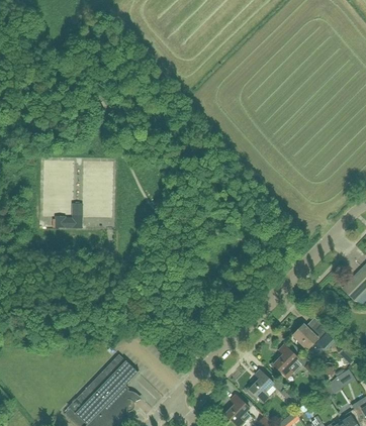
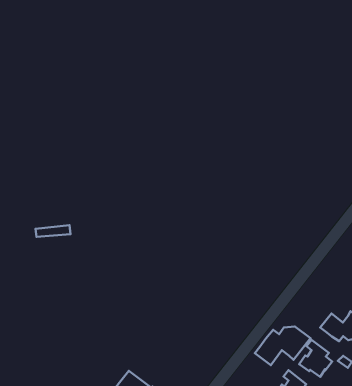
building: none -> [255,326,311,365]

